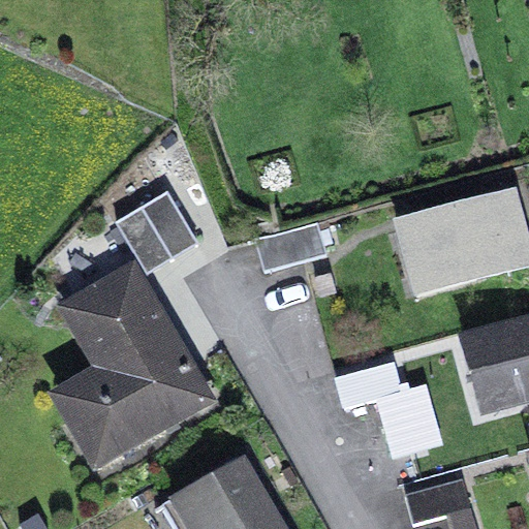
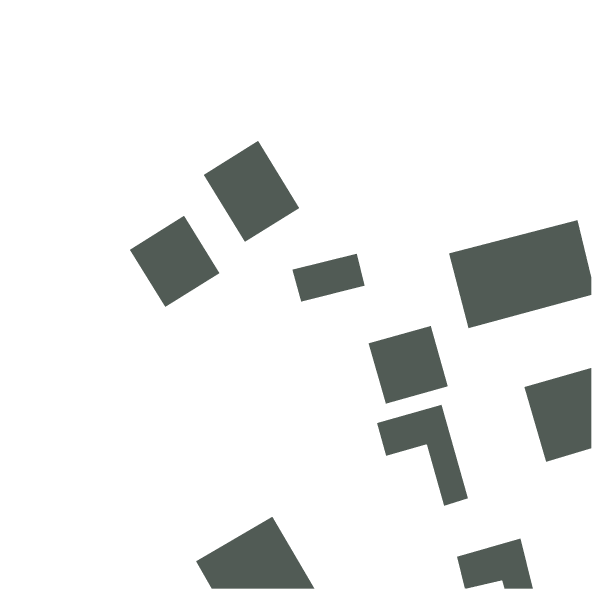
building: none -> [203,140,300,243]
building: [64,271,208,466] -> none
building: none -> [368,325,449,405]

